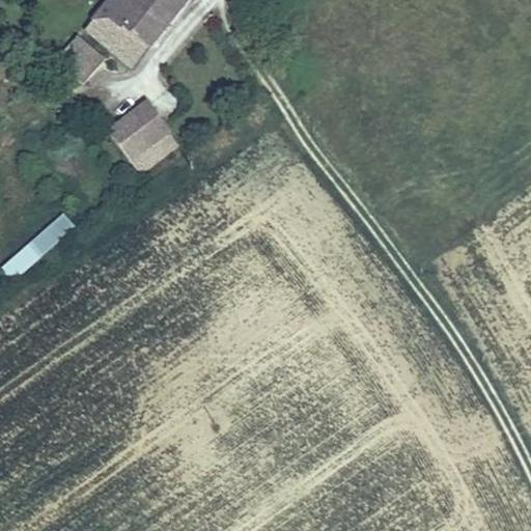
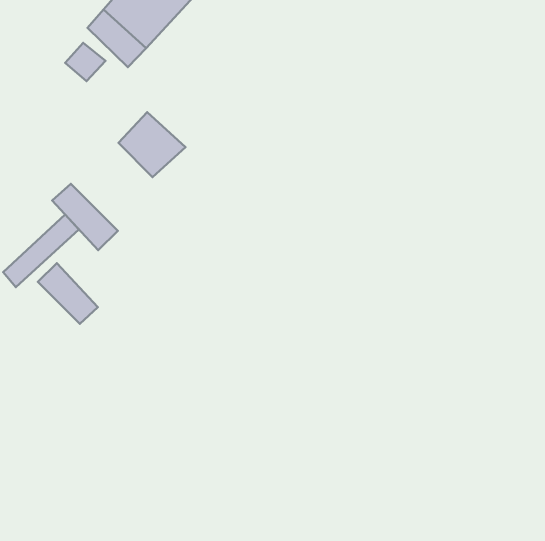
building: none -> [52,184,118,250]
building: none -> [38,263,98,324]

